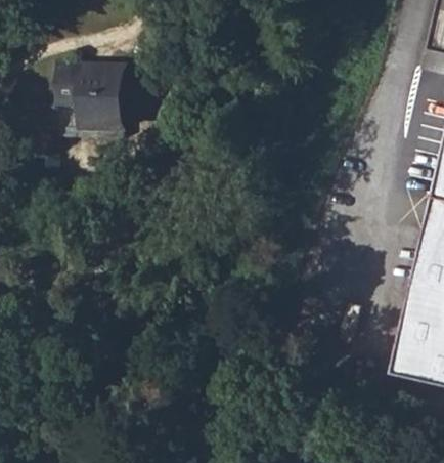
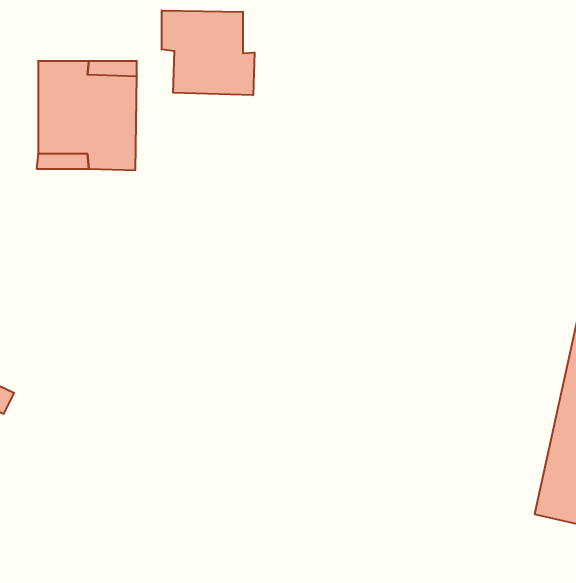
building: none -> [162,10,254,95]

